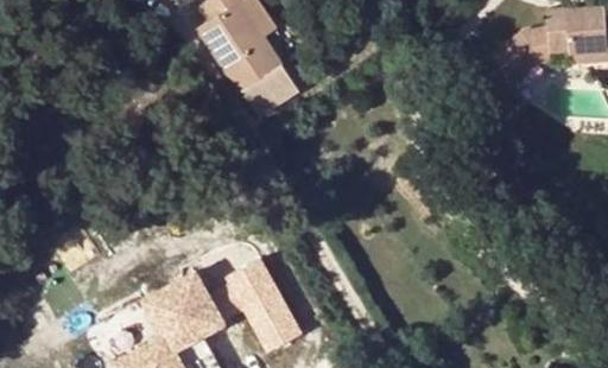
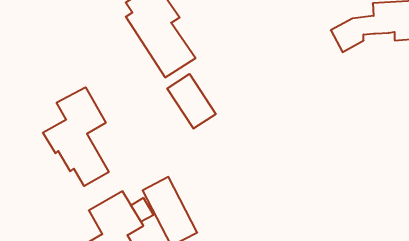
building: none -> [167,74,216,129]
building: none -> [43,87,109,186]

